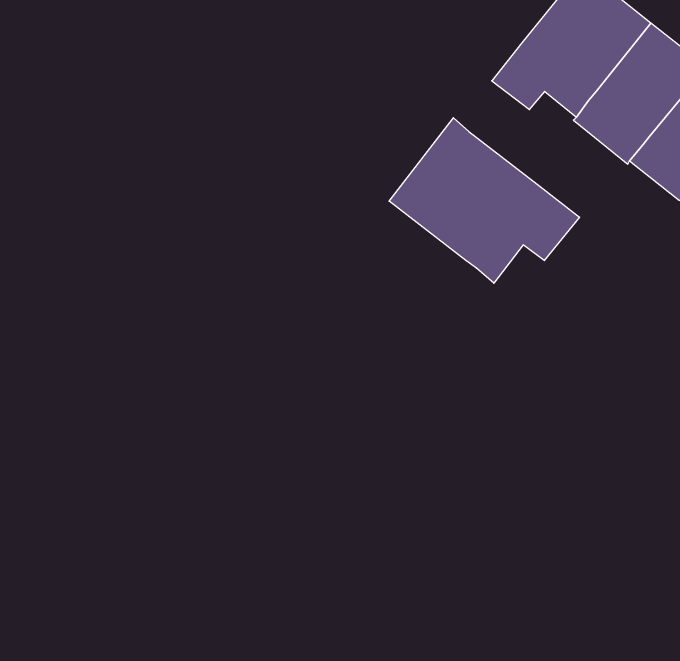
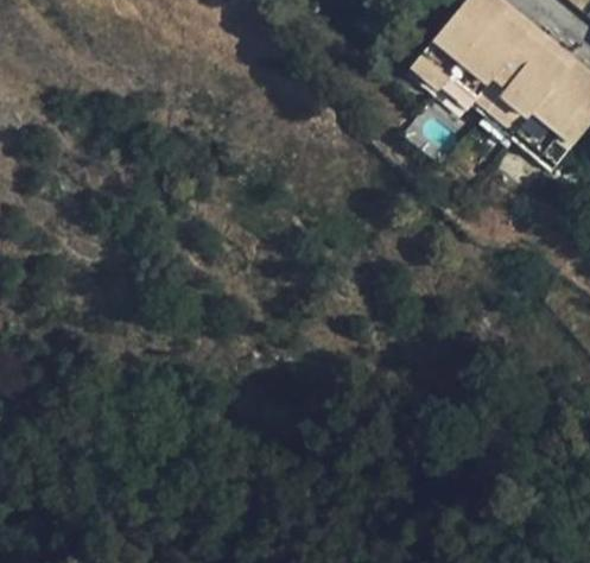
building: [389,118,580,283] -> none

